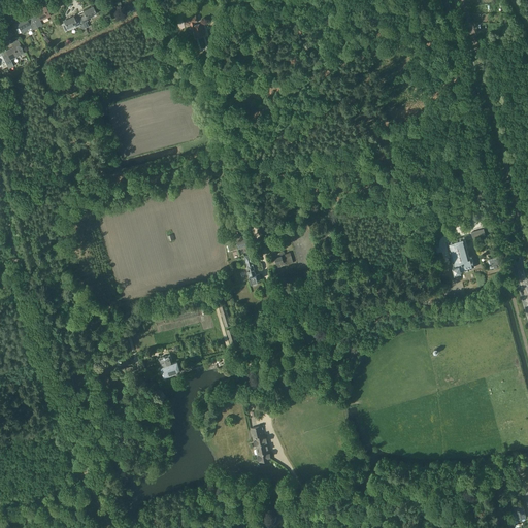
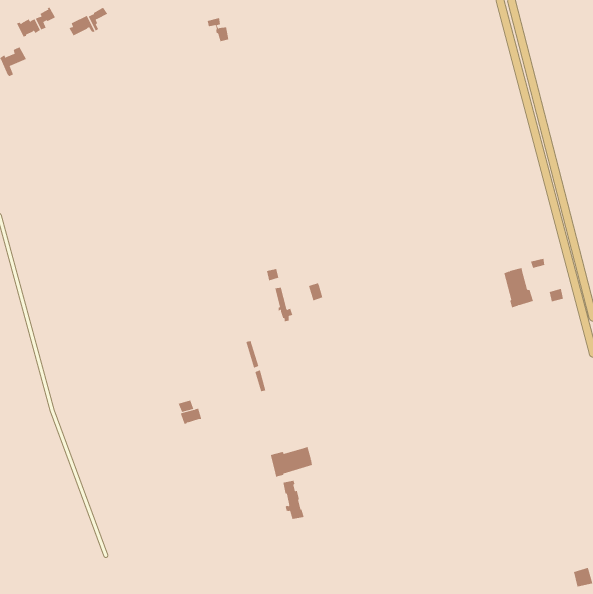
building: none -> [270,446,312,477]

